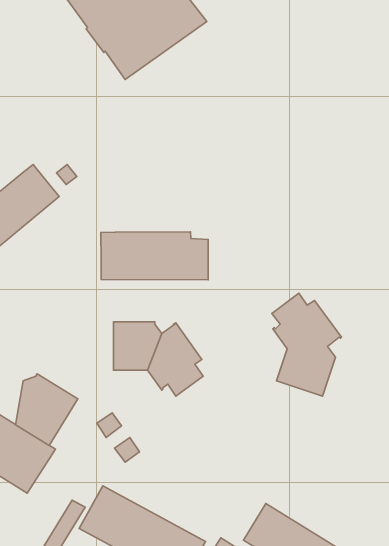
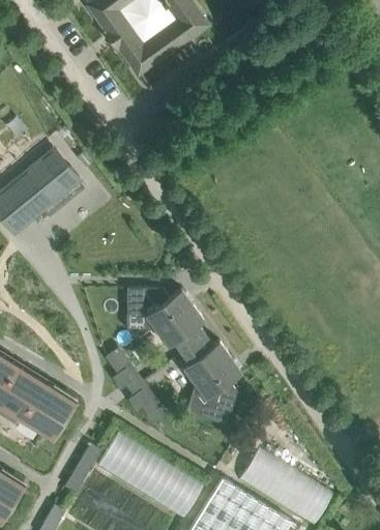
building: [101,232,208,280] -> none
building: [272,293,342,396] -> [182,336,243,426]
building: [16,374,78,445] -> none

